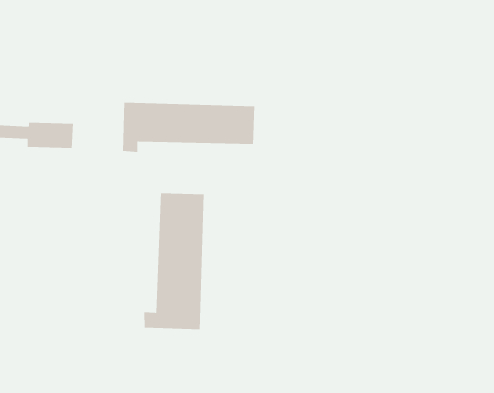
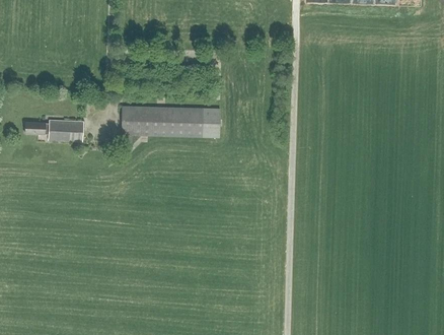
building: [143,193,205,330] -> none

